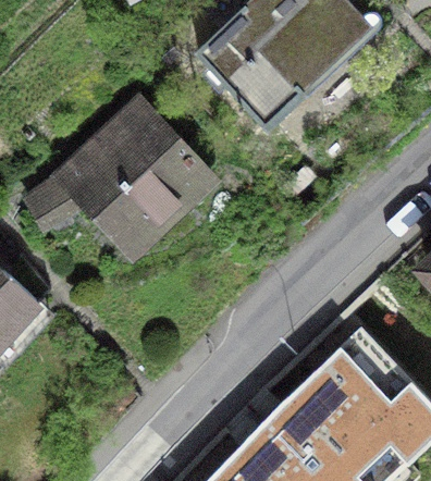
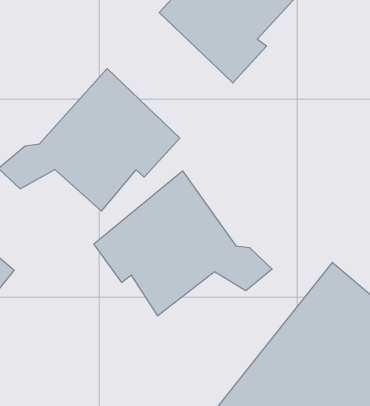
building: none -> [94,171,272,316]

